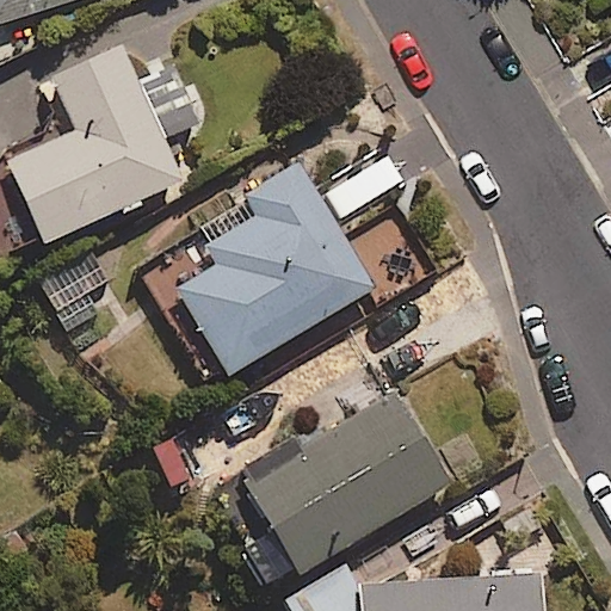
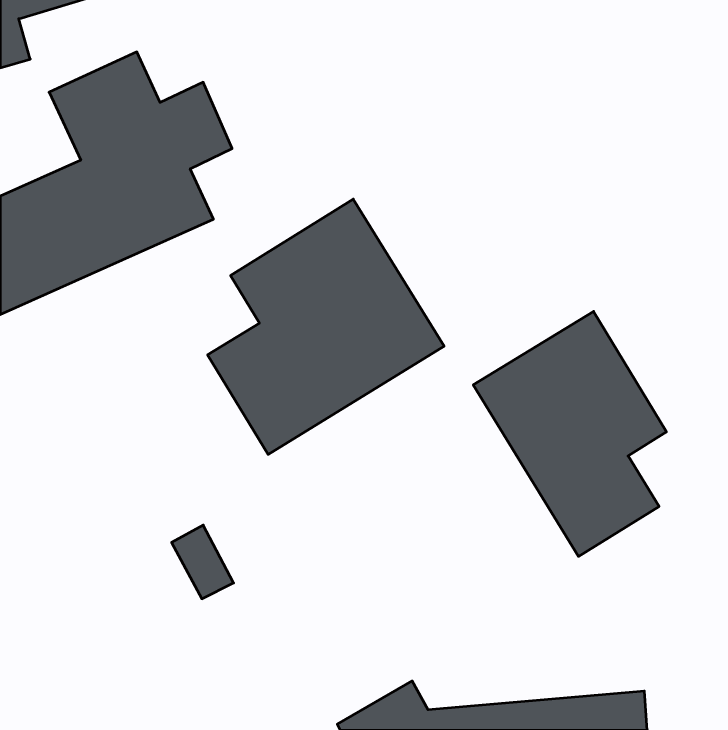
building: none -> [473,311,666,556]
building: [235,393,451,587] -> none

